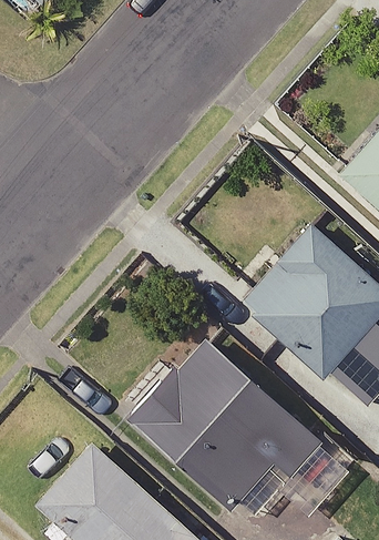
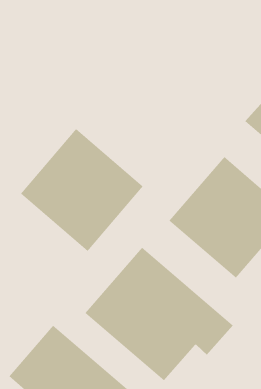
building: none -> [20,128,144,252]

